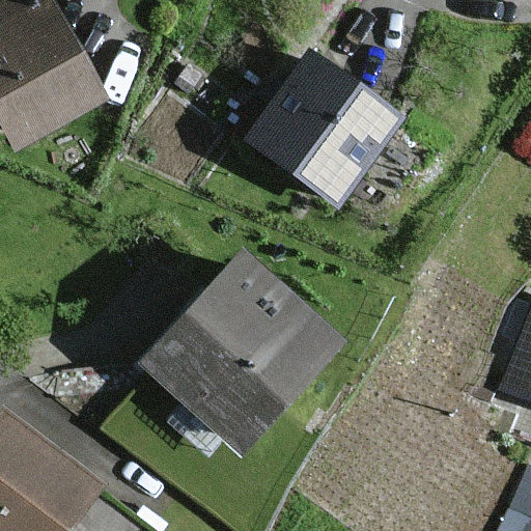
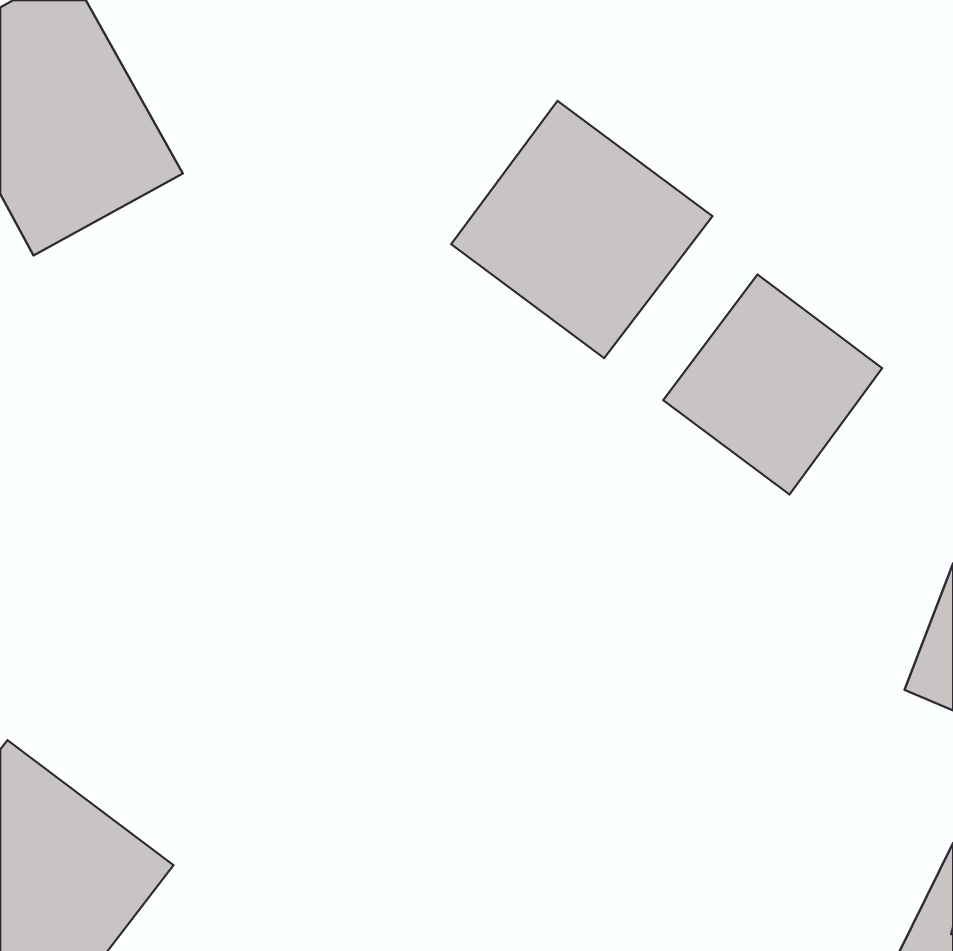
building: none -> [663,275,882,495]
building: [148,254,335,441] -> none

